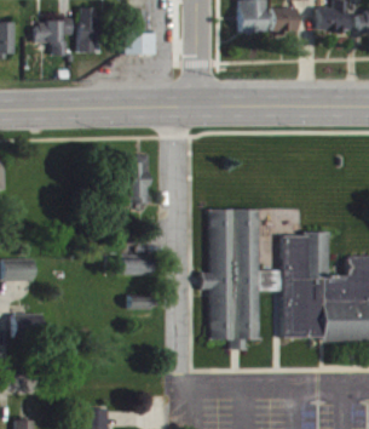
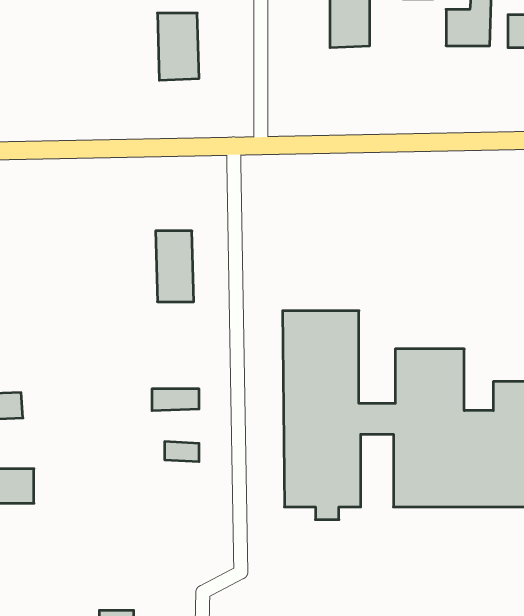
building: [77,7,97,52] -> none
building: [270,7,296,32] -> none
building: [34,21,73,55] -> none

